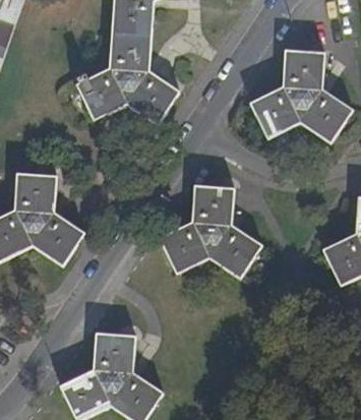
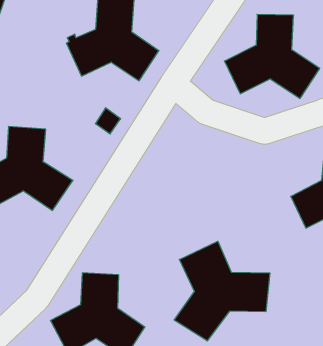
building: [160,187,261,279] -> none
building: none -> [174,241,270,341]

